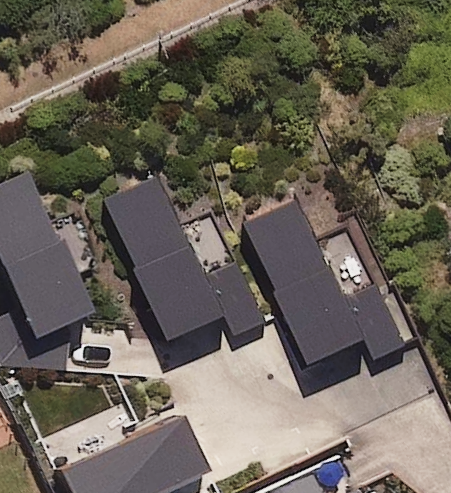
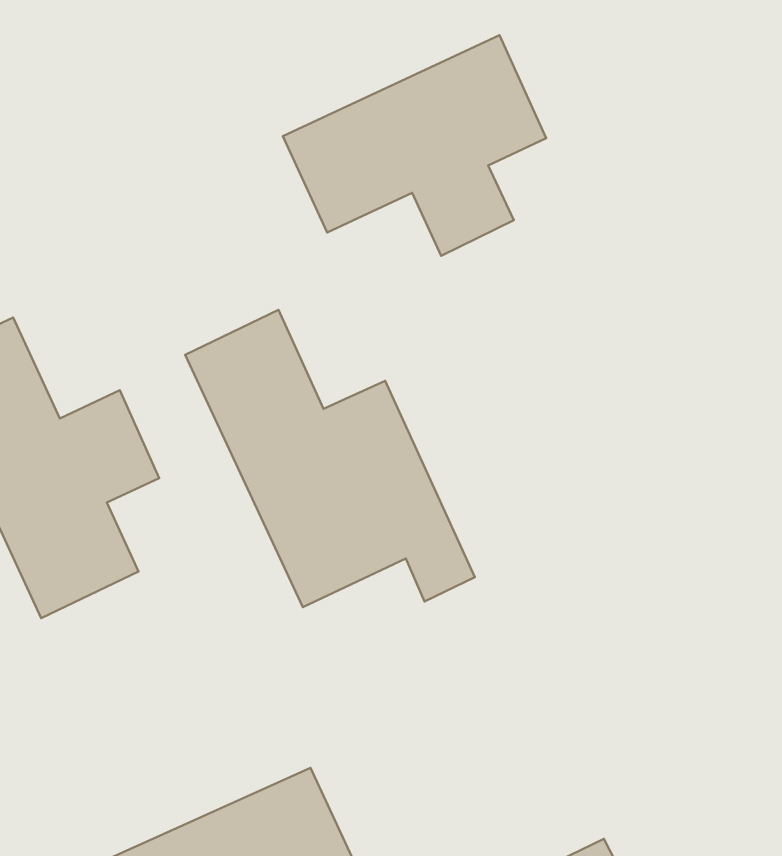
building: none -> [283,35,546,256]
building: [245,201,416,362] -> none

